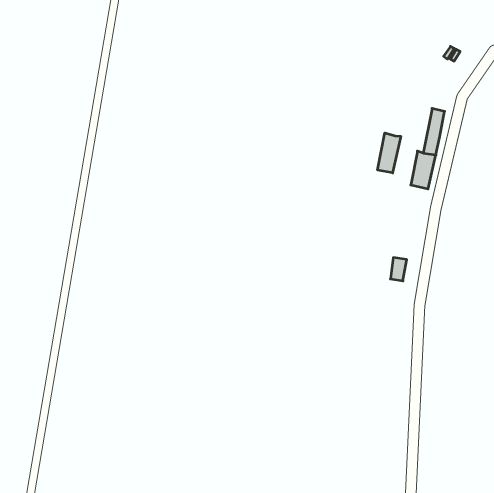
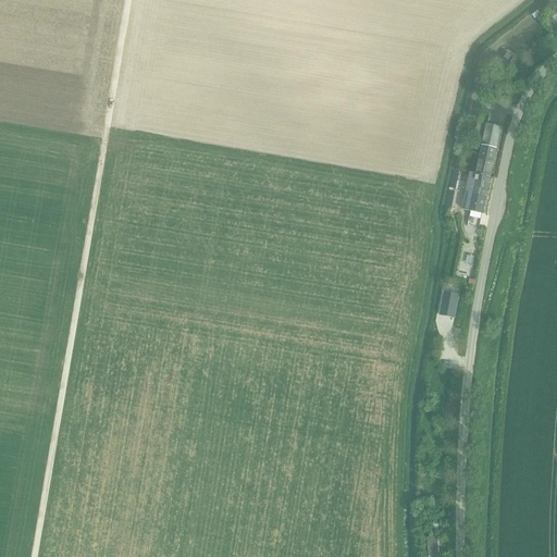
building: [378,133,401,173] -> none

